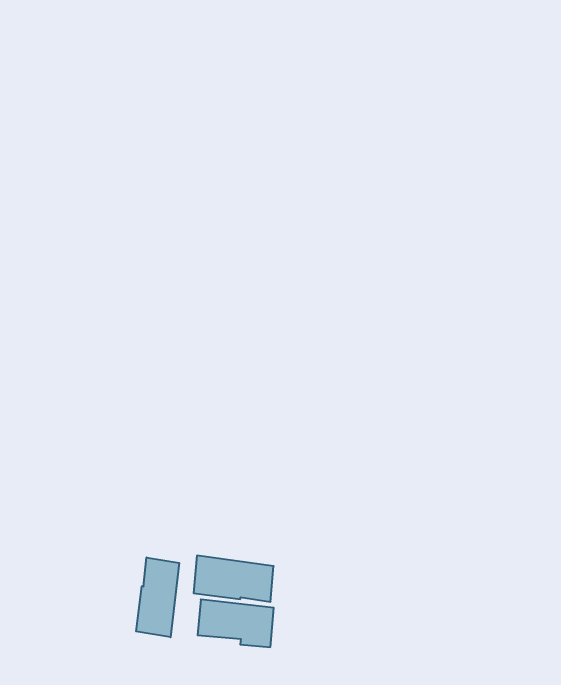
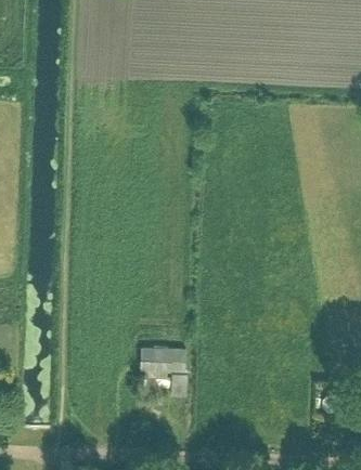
building: [136,557,179,637] -> none

